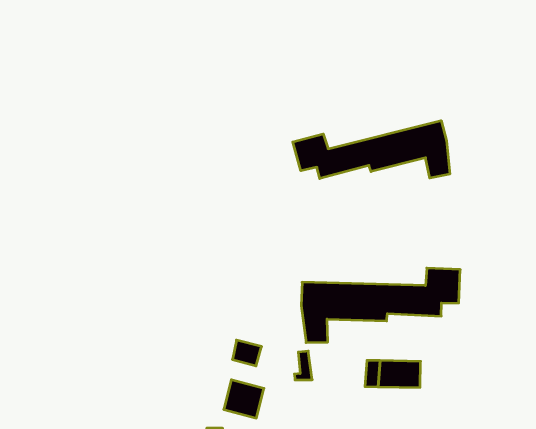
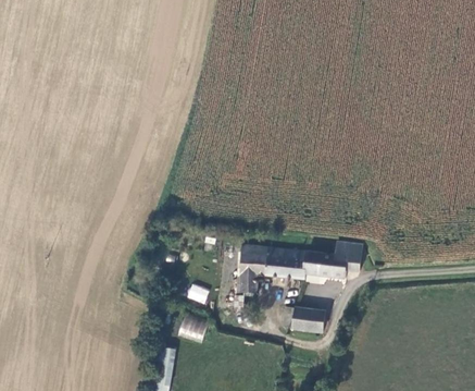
building: [293,121,450,179] -> none

